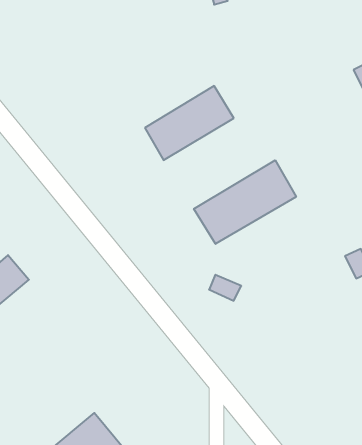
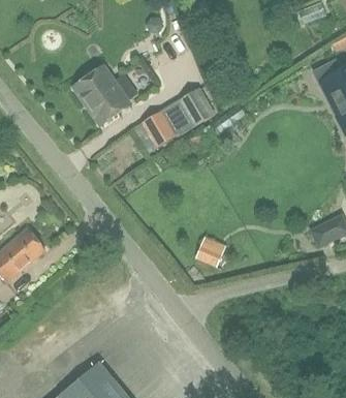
building: none -> [75,65,130,123]
building: [194,160,296,244] -> none

